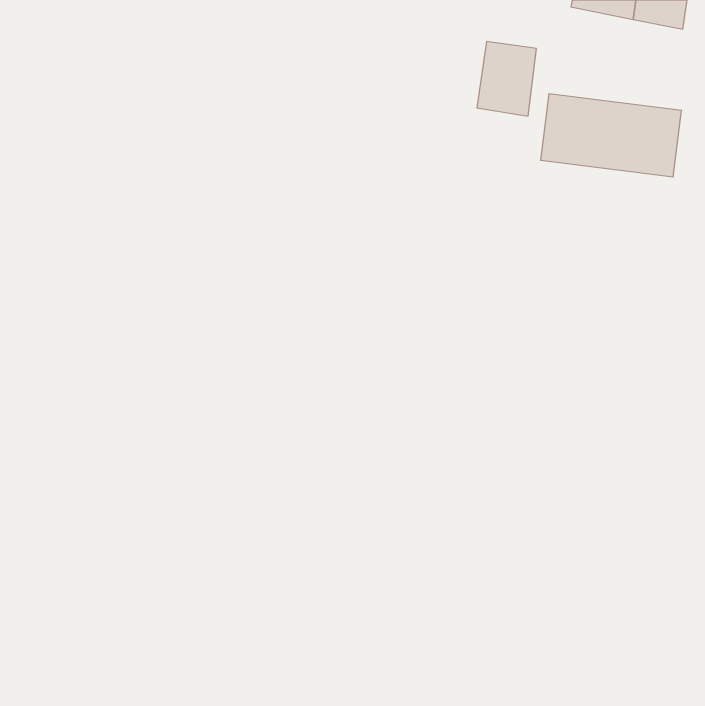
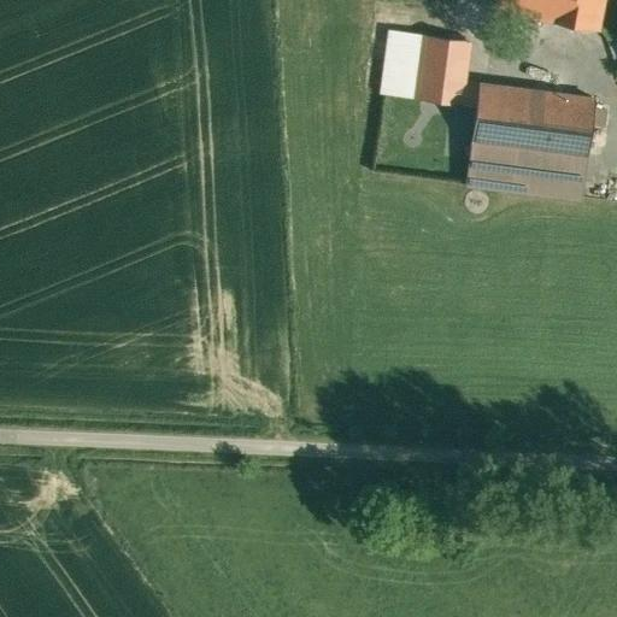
building: none -> [382,31,425,94]
building: none -> [468,140,588,196]

